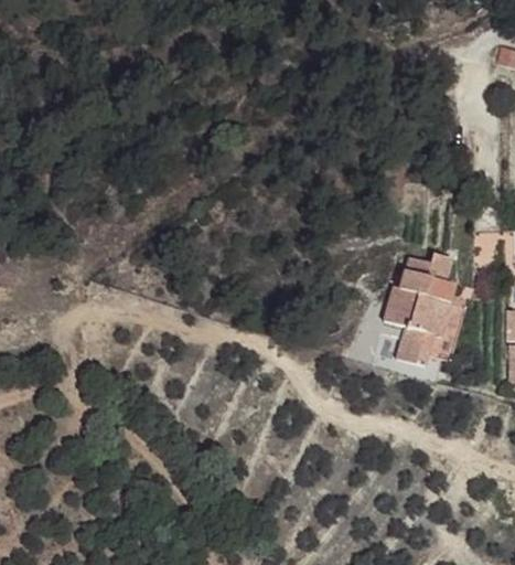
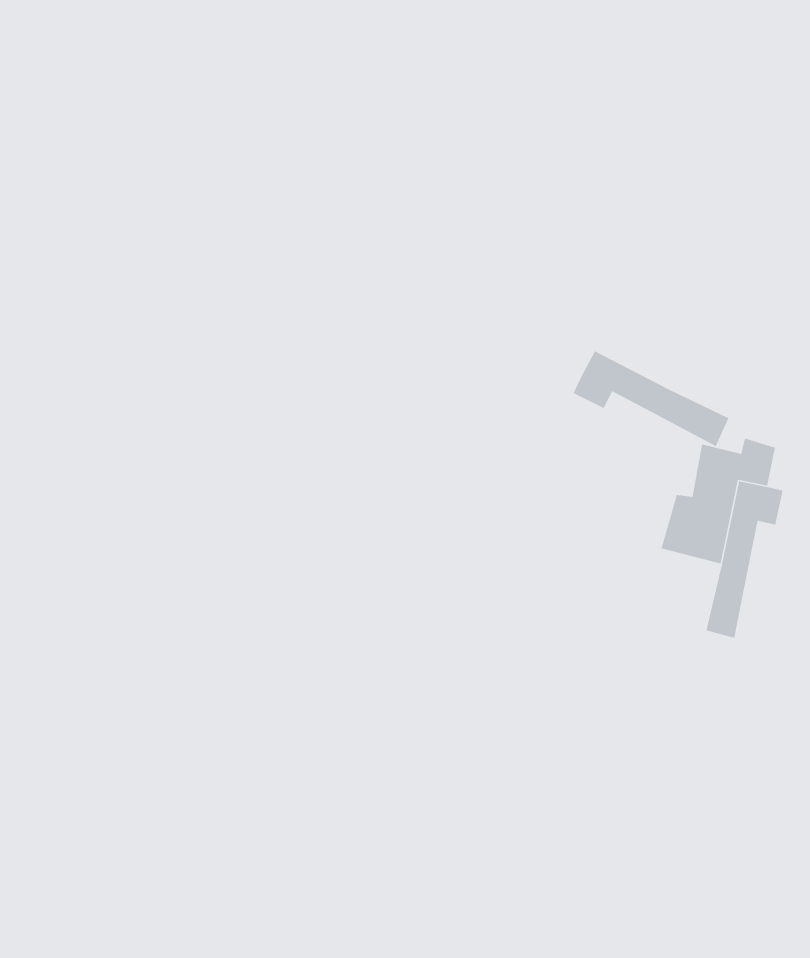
building: none -> [573,350,729,447]

